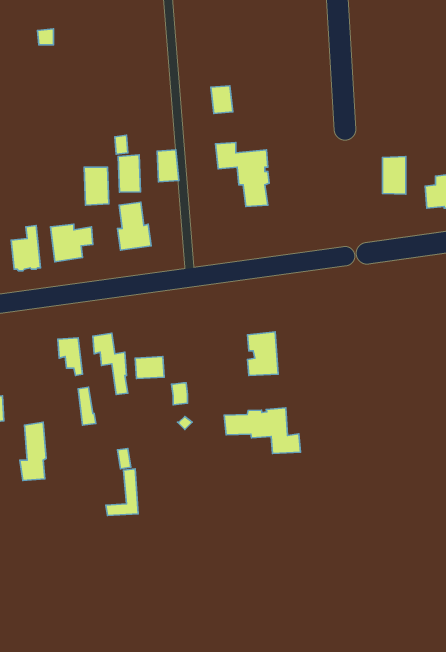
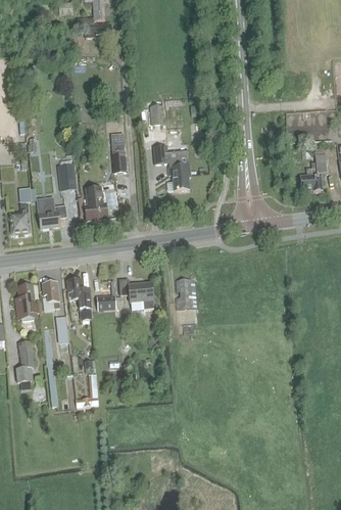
building: [118,155,140,192] -> none
building: [383,157,406,194] -> none
building: none -> [118,277,153,309]
building: none -> [14,283,40,320]
building: [224,408,300,454] -> none

